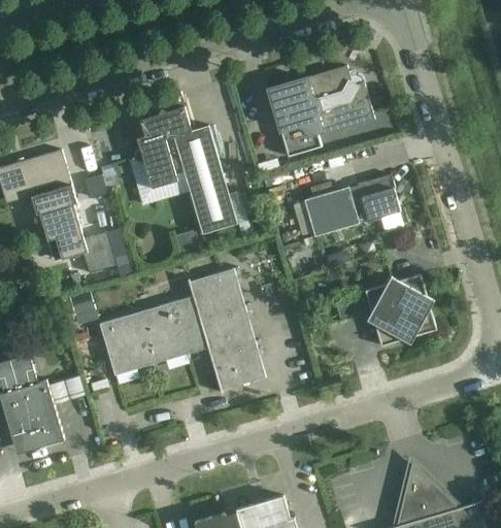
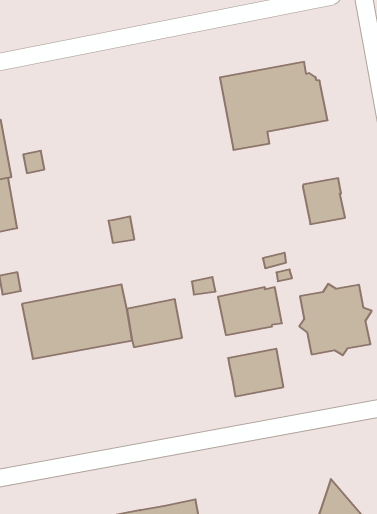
building: [131,107,237,234] -> none
building: [303,186,367,236] -> [218,287,282,335]
building: [82,232,115,273] -> none
building: [188,268,244,319] -> none
building: [209,341,265,391] -> [228,349,283,396]

